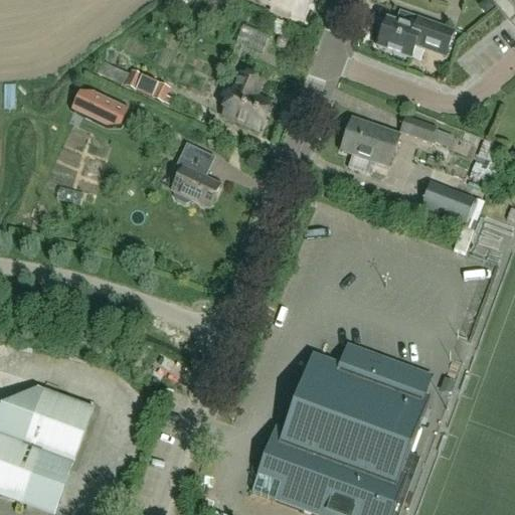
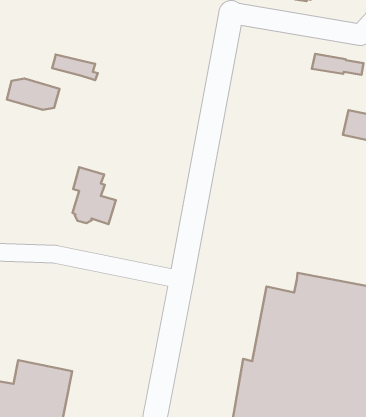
building: [222,71,268,127] -> none
building: [341,117,398,164] -> none
building: [171,141,219,206] -> [72,167,116,224]

